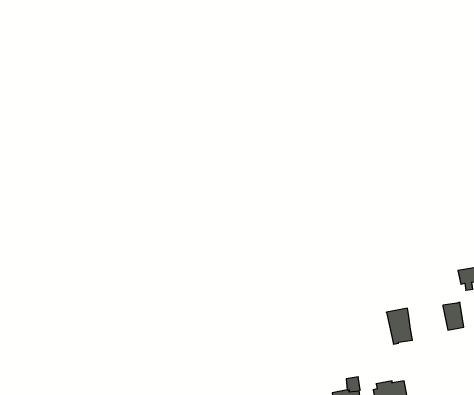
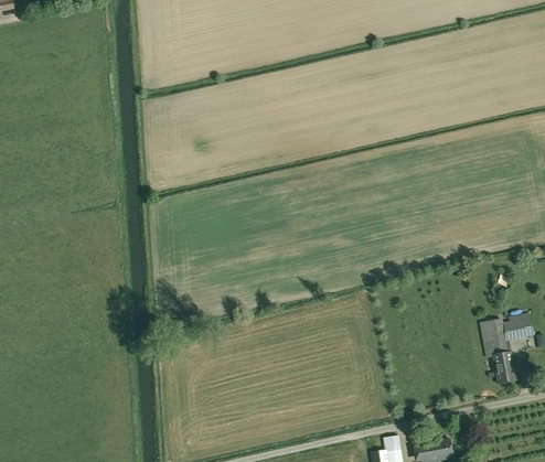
building: [386,308,412,344] -> [479,318,507,357]

